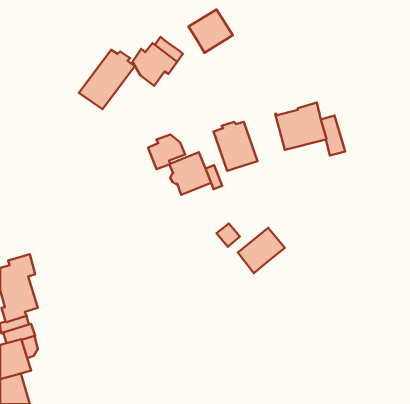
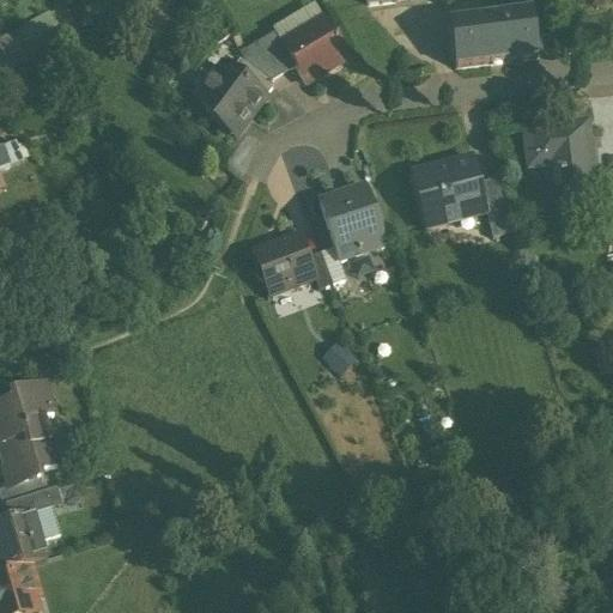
building: none -> [449,7,538,62]
building: none -> [242,31,295,77]
building: [79,50,135,109] -> none
building: none -> [523,117,596,195]
building: [148,134,185,169] -> none
building: [238,228,285,273] -> none

